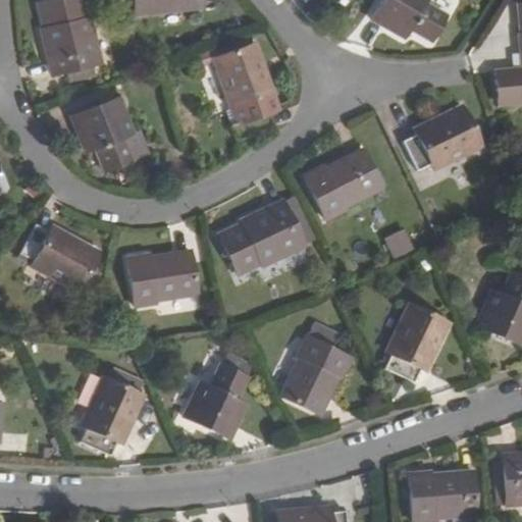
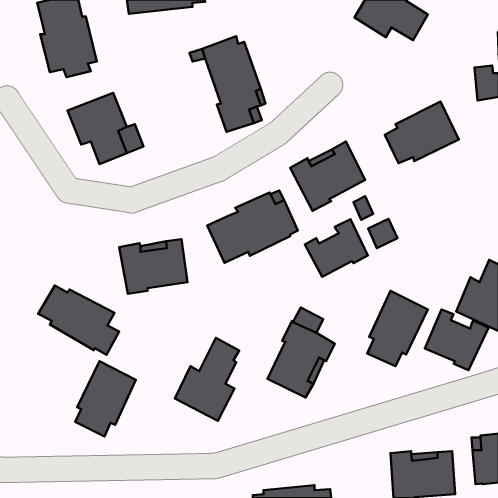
building: [18,223,103,296] -> [38,286,119,355]
building: none -> [305,219,368,277]
building: none -> [425,309,489,370]

